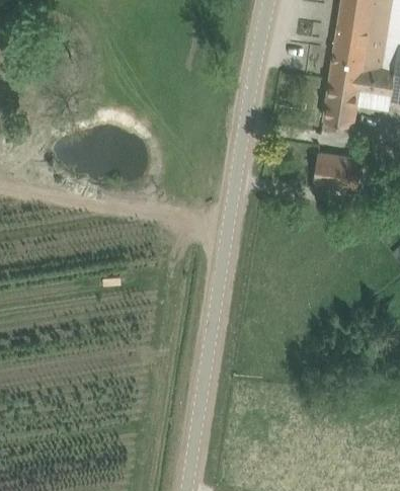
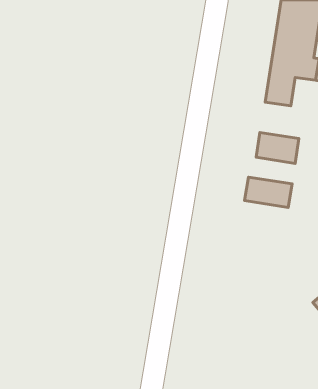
building: none -> [244,177,292,208]

